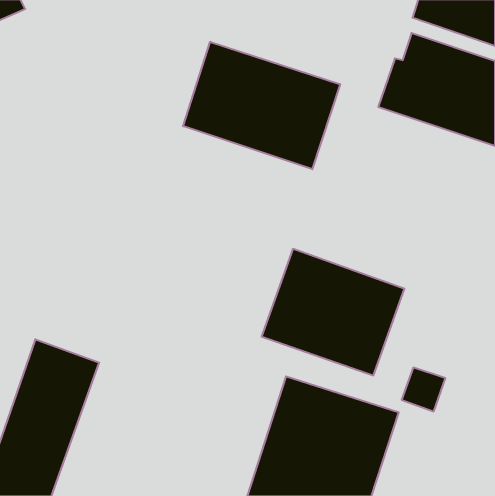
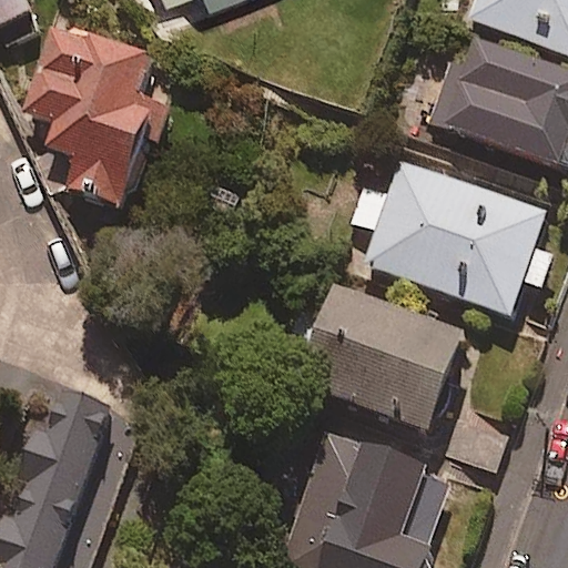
building: none -> [23,22,156,204]
building: [183,42,340,169] -> none
building: none -> [351,161,551,313]

